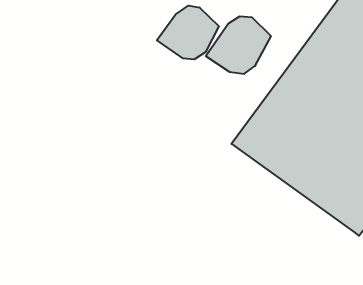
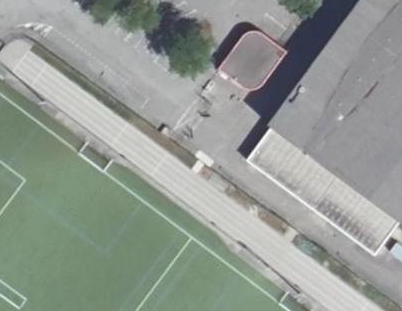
building: [157,6,219,59] -> none

